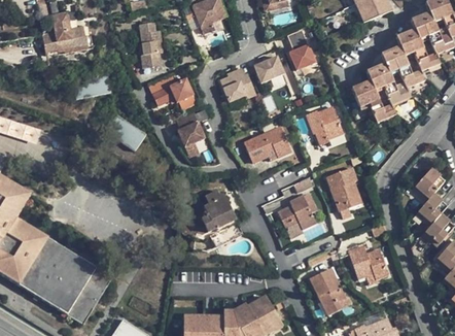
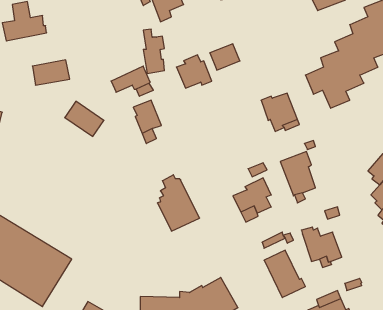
building: [139,23,161,68] -> [143,29,164,74]
building: [286,29,315,70] -> none
building: [243,126,291,162] -> none

